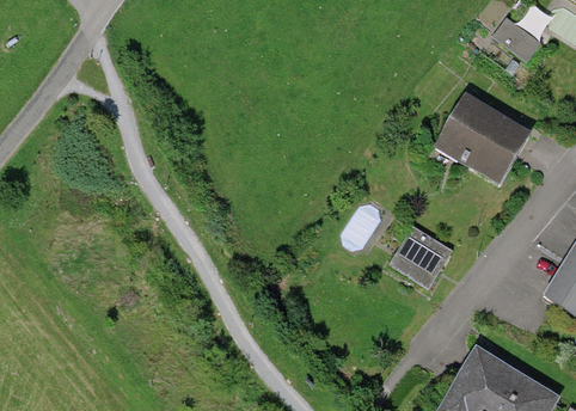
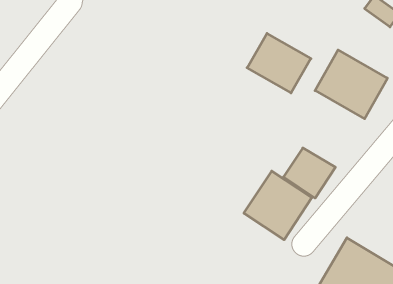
building: none -> [247,33,311,93]
building: none -> [244,171,312,240]

